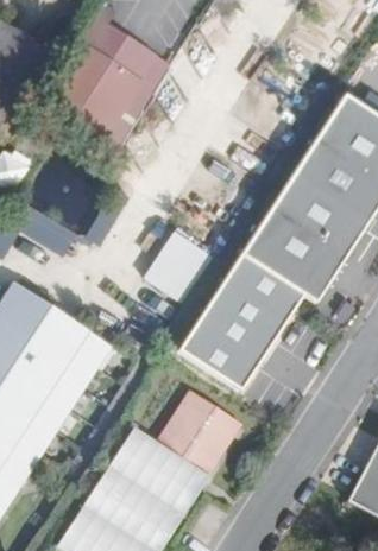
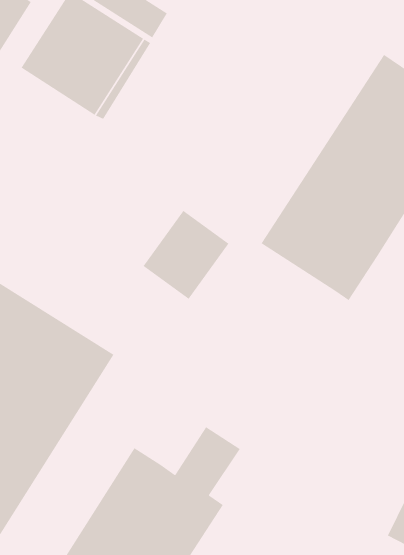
building: [177,252,303,388] -> none
building: [156,386,242,473] -> none

